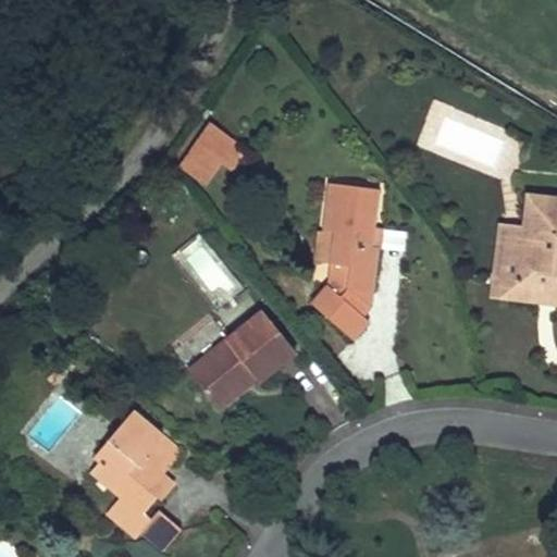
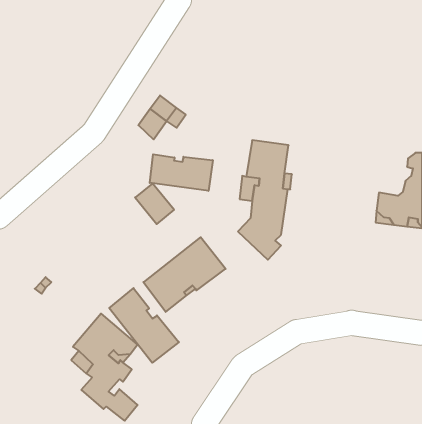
building: [497,198,545,257] -> none
building: none -> [150,154,213,191]
building: none -> [109,288,179,363]

